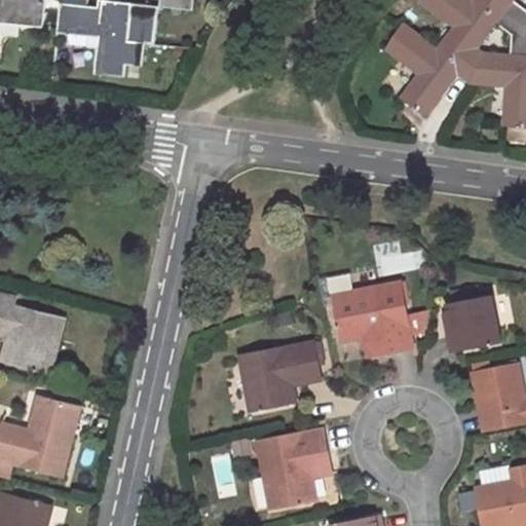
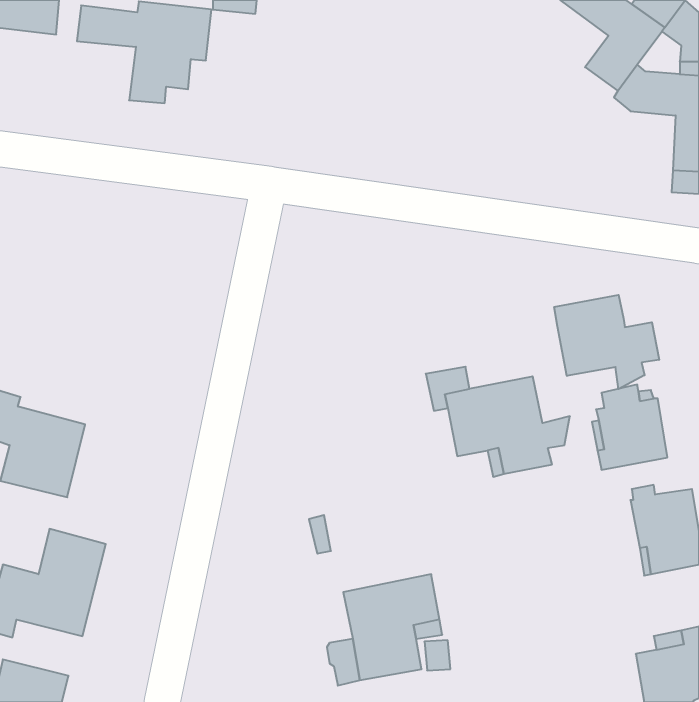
building: [384,24,462,117] -> none
building: none -> [554,295,659,389]
building: [238,342,324,412] -> none

